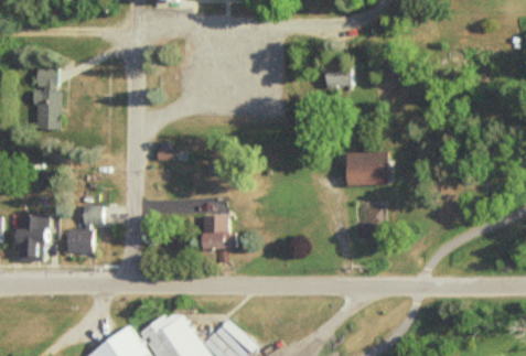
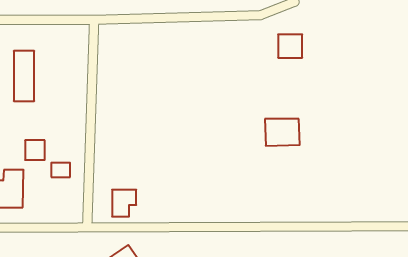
building: [325,61,355,89] -> [278,34,302,58]
building: [201,214,230,247] -> [112,190,136,217]
building: [67,228,92,252] -> [25,140,45,160]

